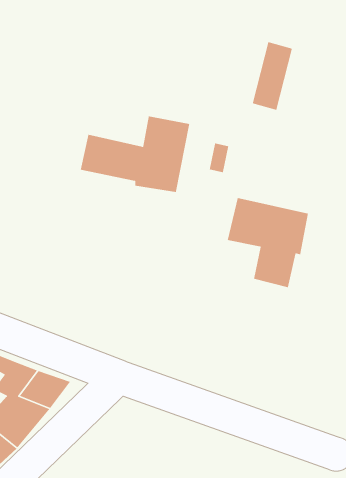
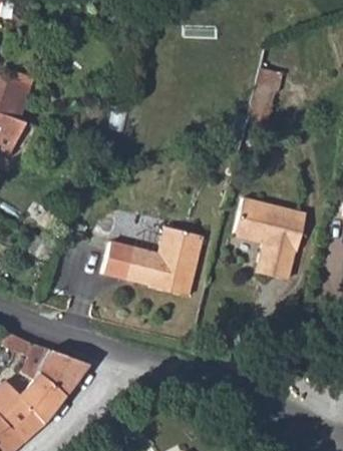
building: [80,115,190,193] -> [101,233,199,301]

